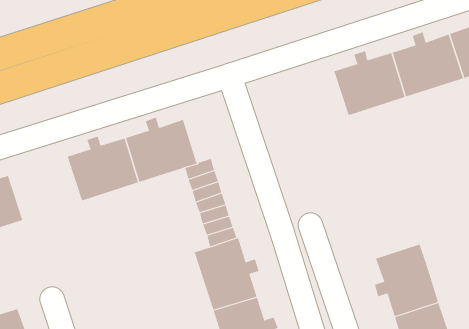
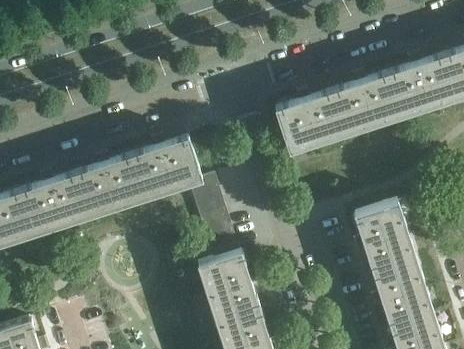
building: none -> [275,91,346,154]
building: none -> [20,173,90,236]
building: none -> [353,203,415,273]

